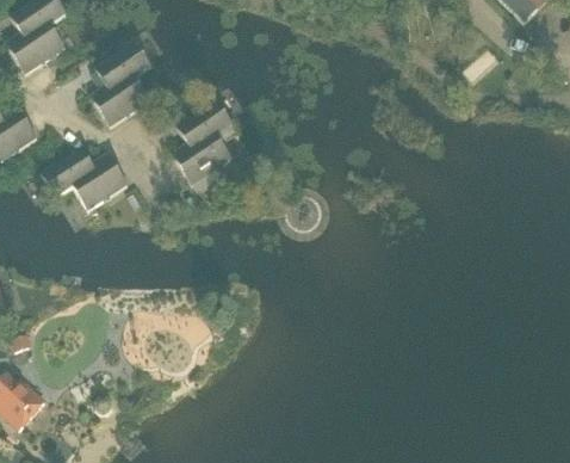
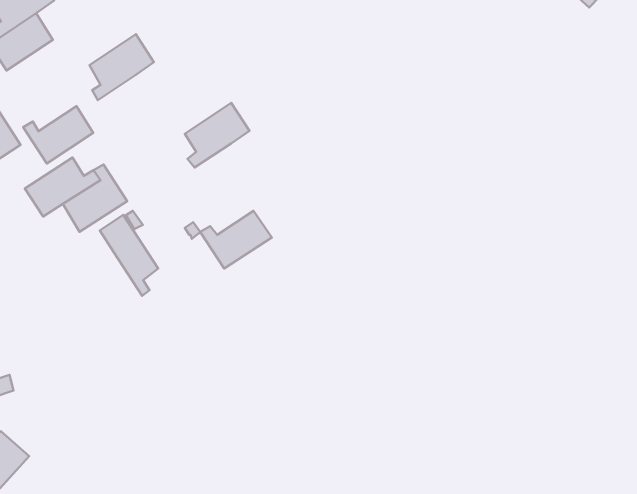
building: [91,76,150,125] -> [23,106,93,164]
building: [172,135,233,184] -> [200,211,272,268]
building: none -> [100,215,158,296]

